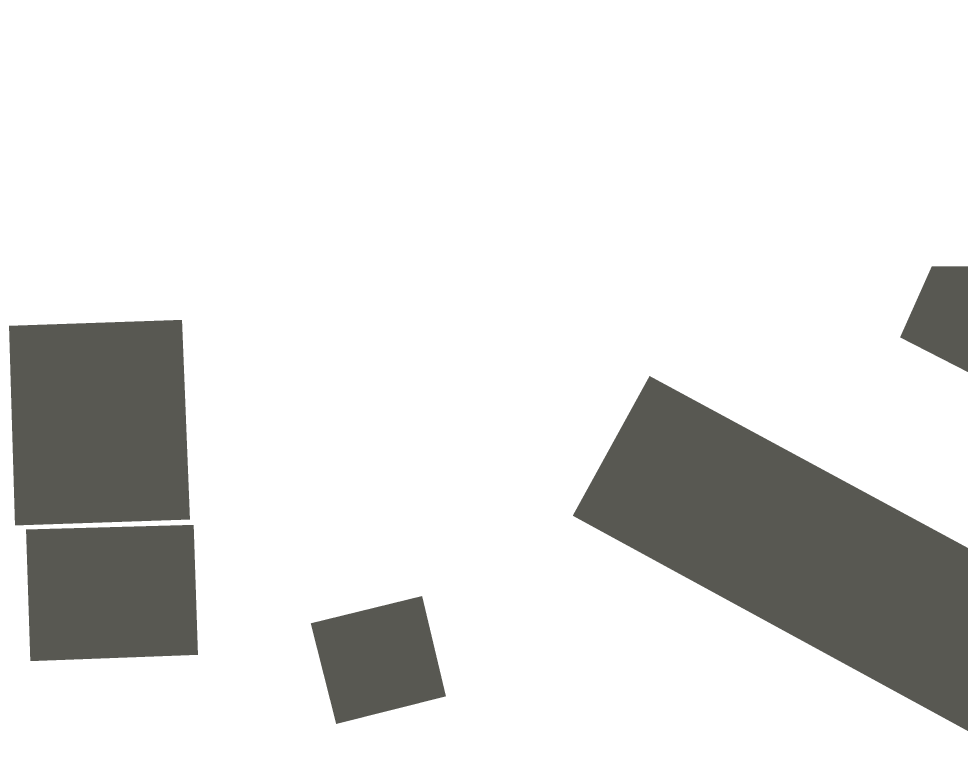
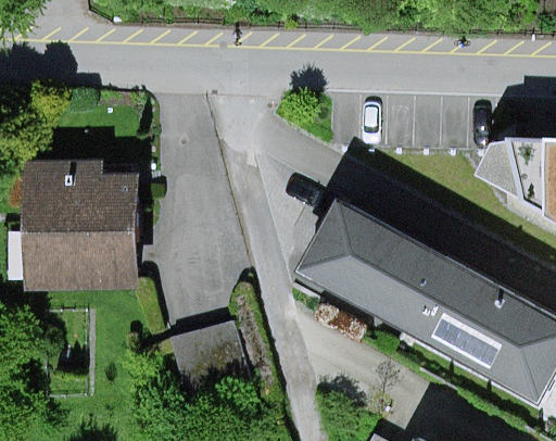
building: [25,524,199,662] -> none

